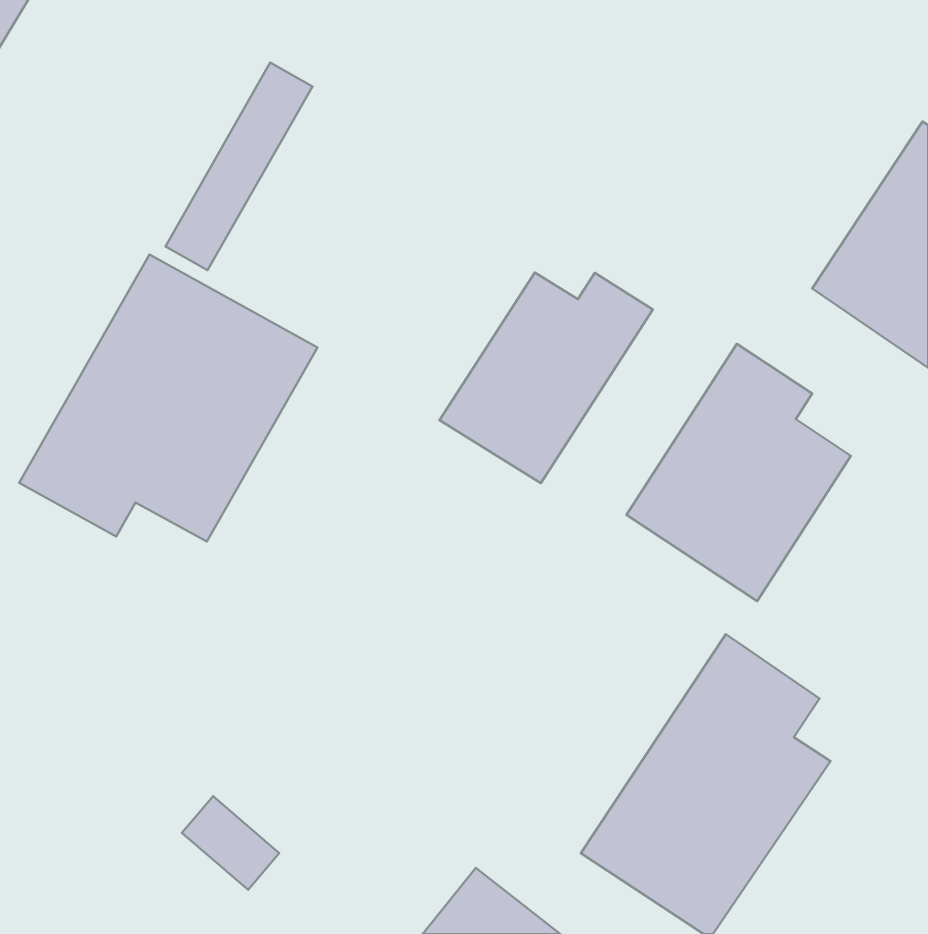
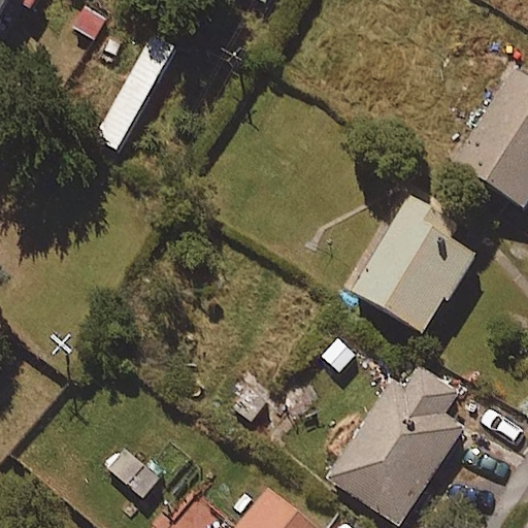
building: [19,254,317,542] -> none
building: [440,273,653,483] -> none

